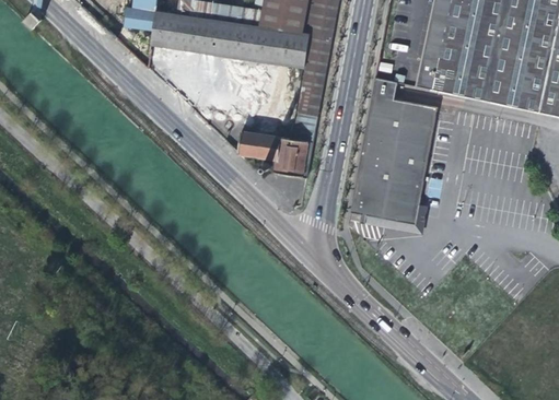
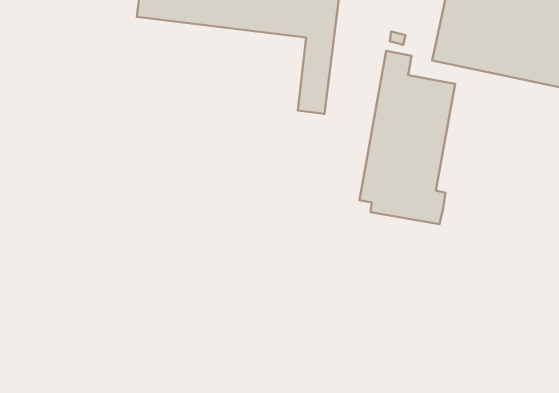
building: [237,130,313,187] -> none

